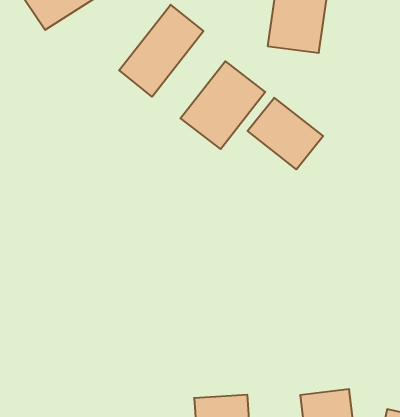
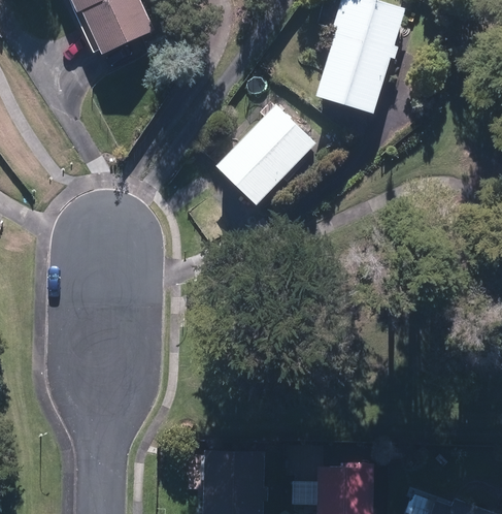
building: [119,5,203,97] -> none
building: [248,98,323,169] -> none

